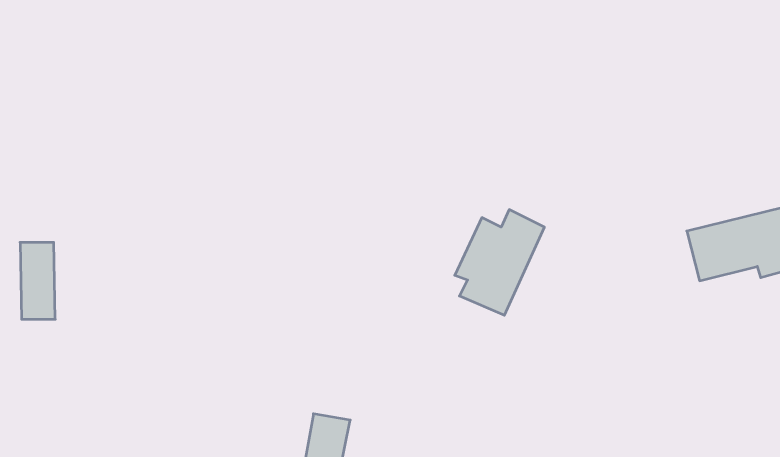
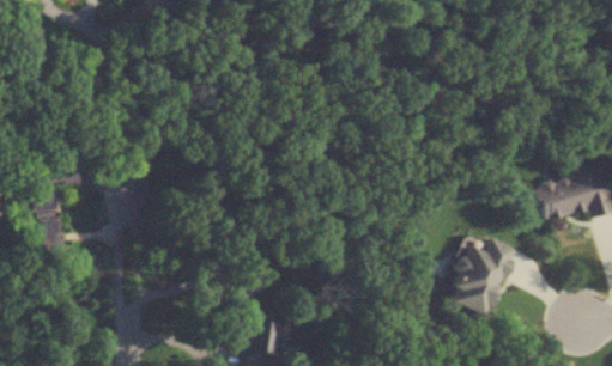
building: [455,210,544,315] -> [448,238,515,317]

